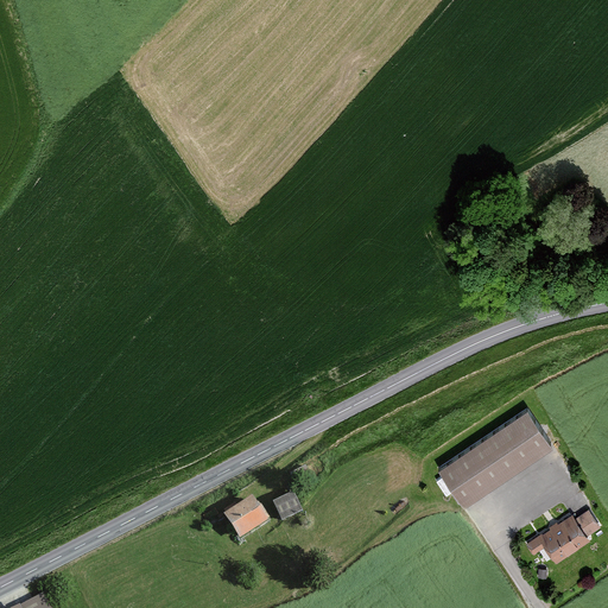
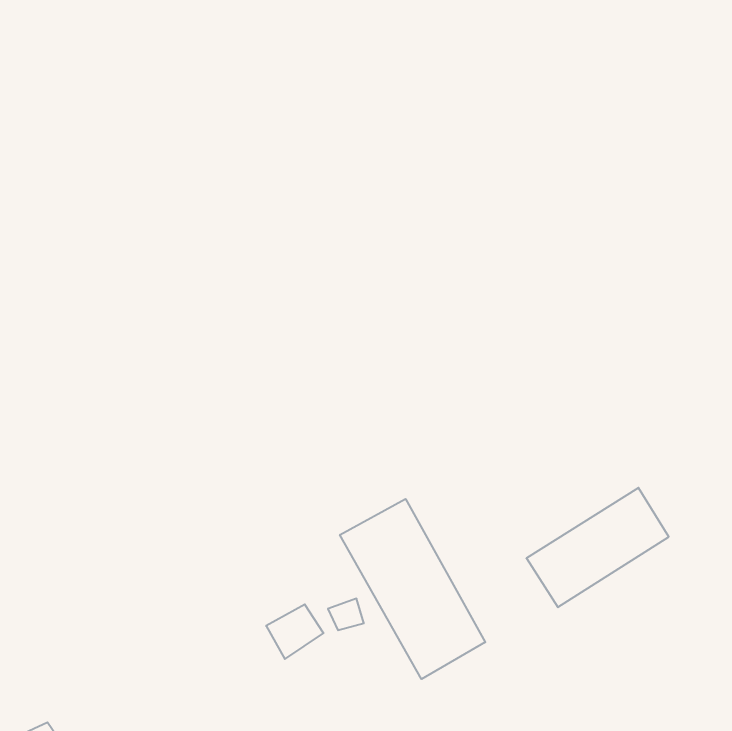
building: none -> [340,499,485,679]
building: [525,506,602,572] -> none

